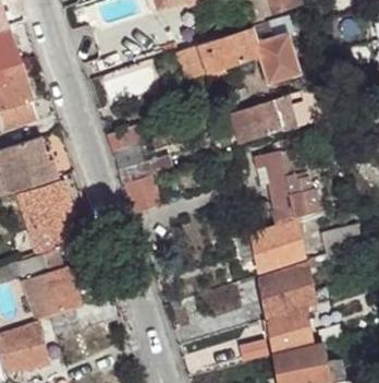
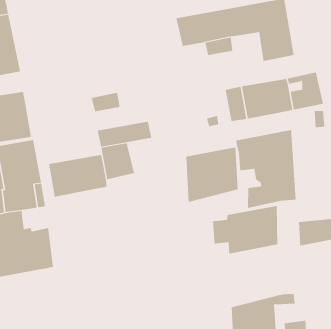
building: none -> [48,154,107,197]
building: [260,259,315,318] -> [186,147,239,202]

